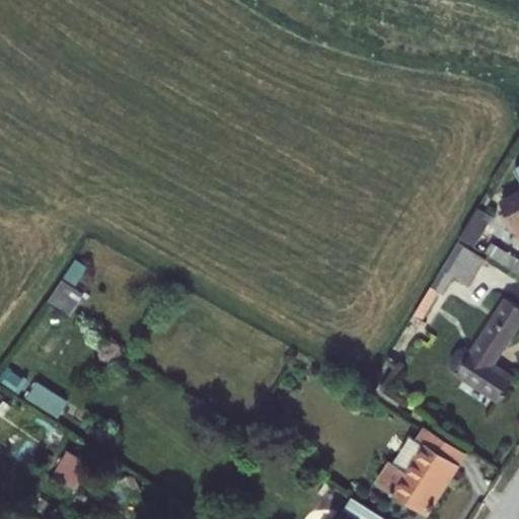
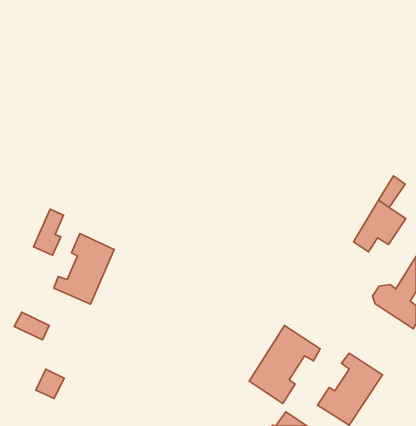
building: none -> [54,234,114,304]
building: none -> [249,325,320,404]

